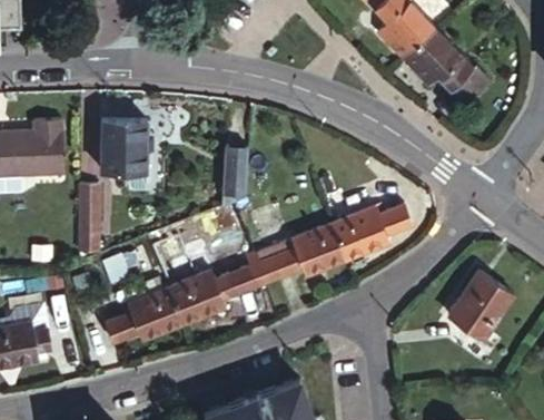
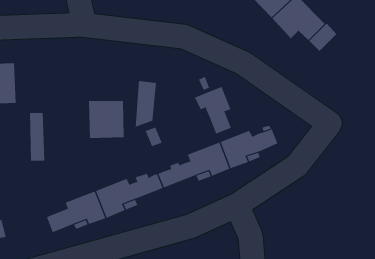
building: [100,120,148,170] -> [88,100,125,138]
building: none -> [194,86,231,135]
building: [447,272,513,339] -> none

